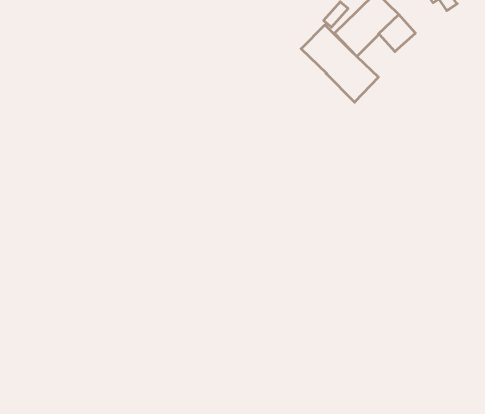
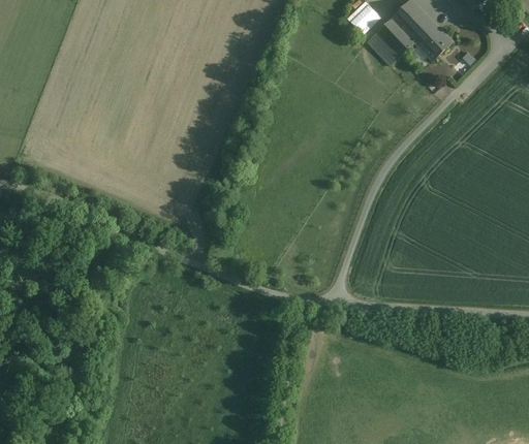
building: [301,25,378,102] -> none

